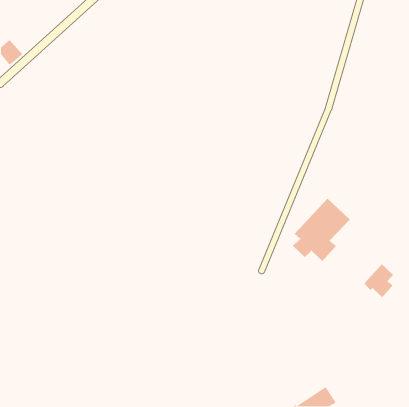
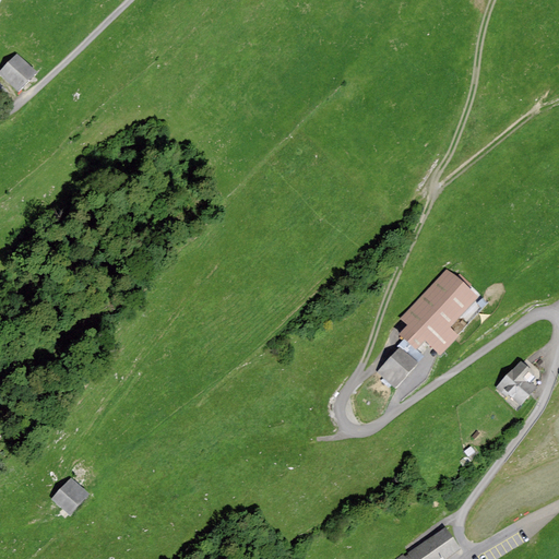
building: none -> [378,346,416,384]
building: none -> [48,476,88,516]

